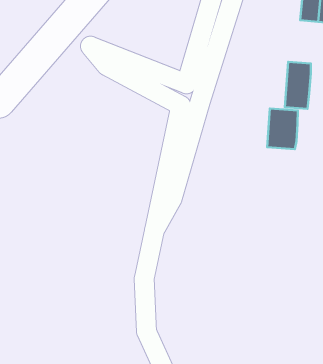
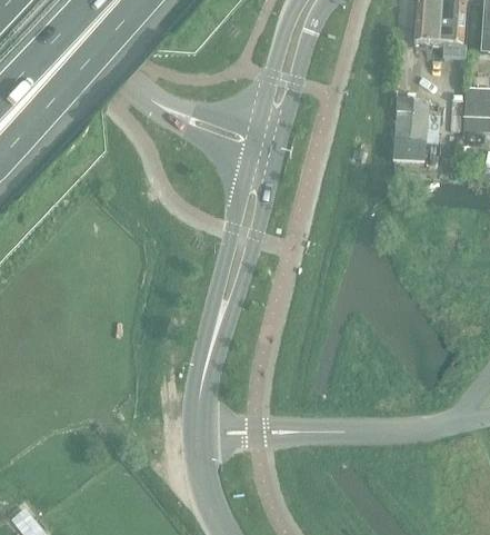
building: [267,109,298,149] -> none

